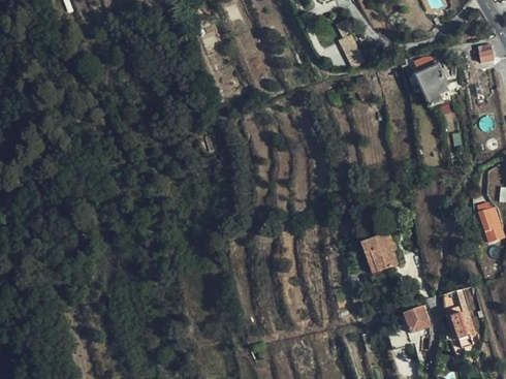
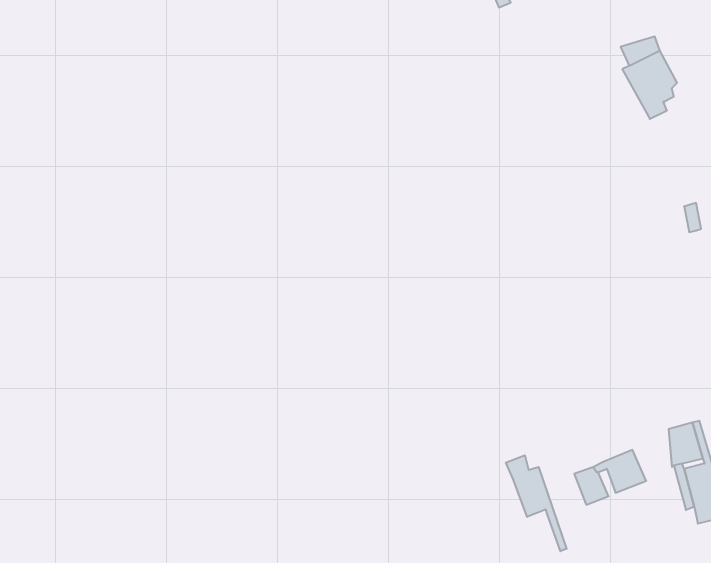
building: [360,230,398,273] -> none
building: none -> [506,455,567,551]

